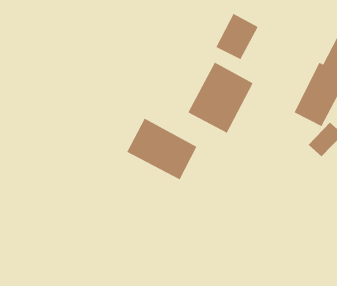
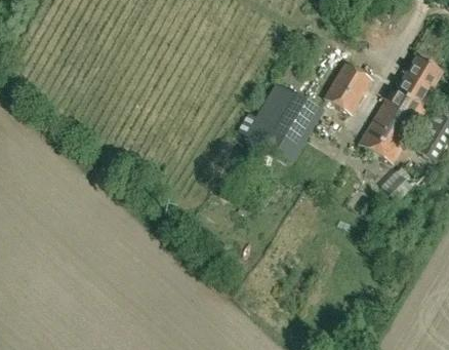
building: [215,13,258,60] -> [324,61,372,112]
building: [127,118,197,180] -> none

